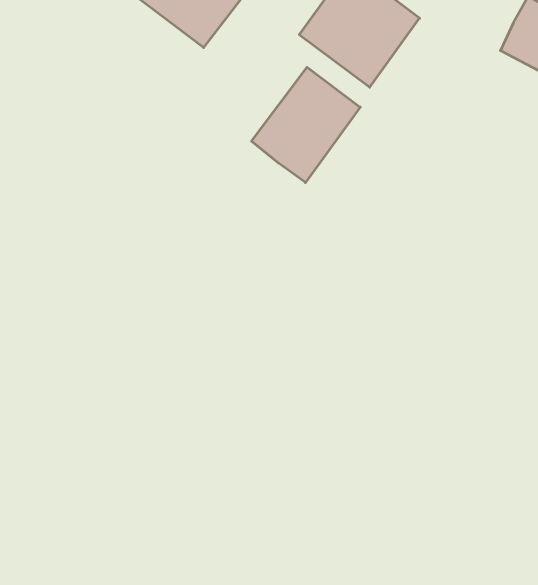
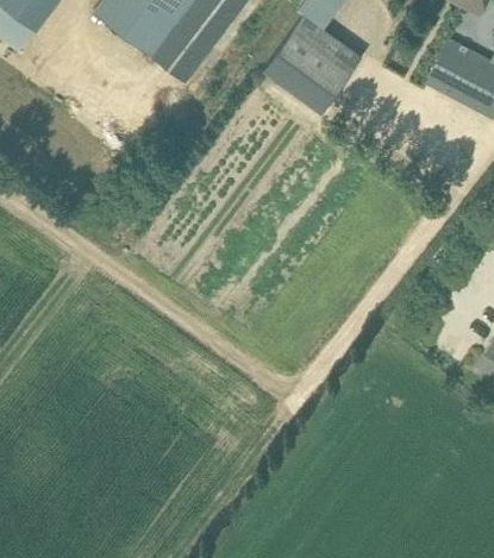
building: [252,67,360,183] -> none

